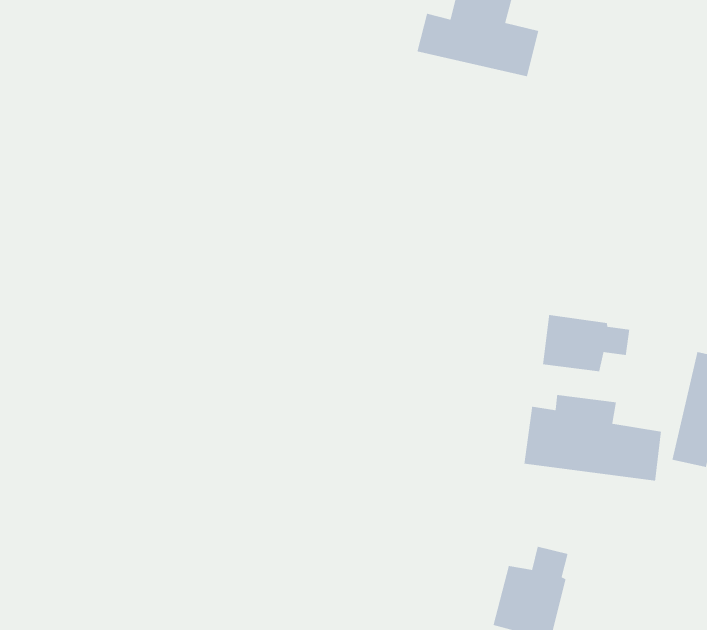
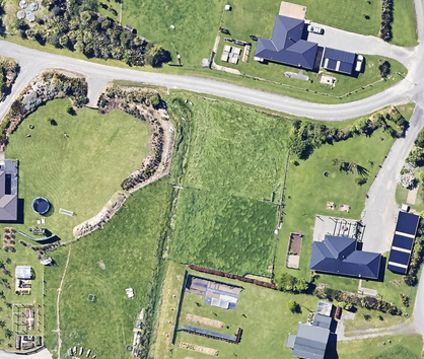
building: none -> [321,47,355,73]
building: [542,314,630,372] -> none

